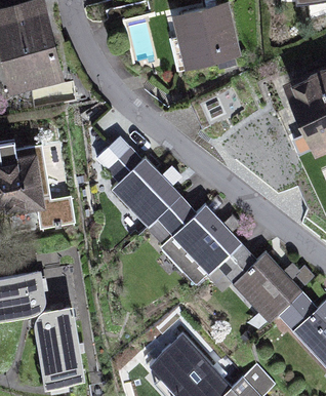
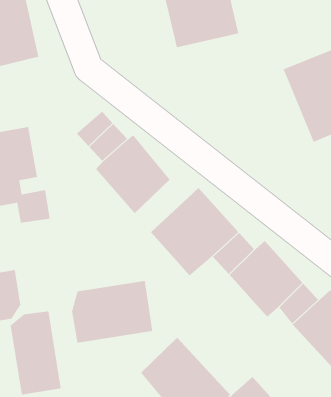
building: [146,192,194,240] -> none
building: none -> [71,280,153,344]

